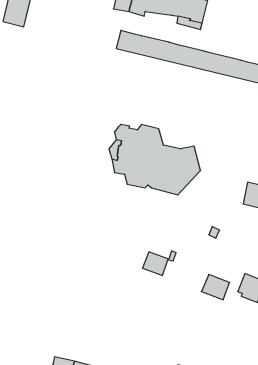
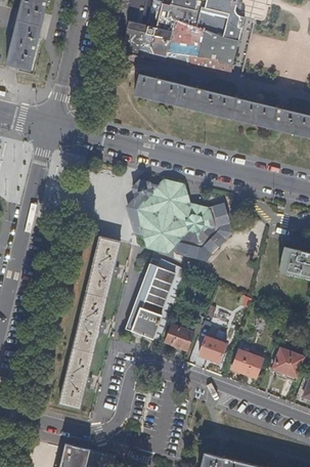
building: none -> [53,232,122,410]
building: none -> [124,260,187,344]
building: none -> [200,338,227,364]

